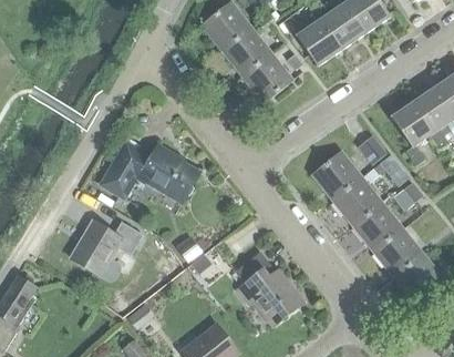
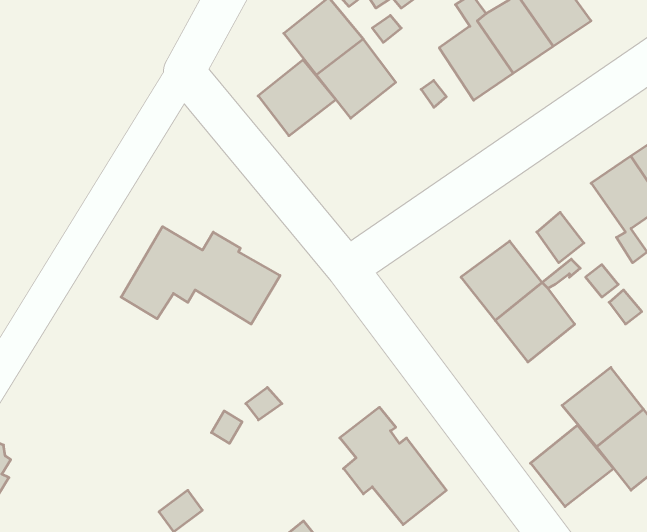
building: [244,53,291,100] -> [258,60,336,136]
building: [352,202,403,252] -> [530,425,614,507]
building: [69,218,142,279] -> none

